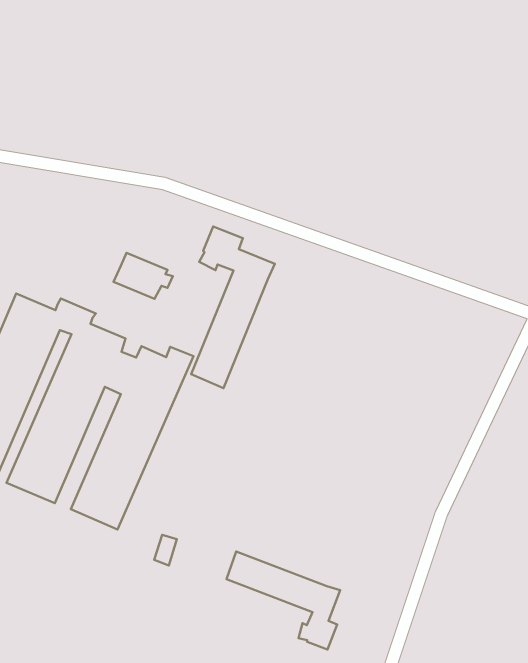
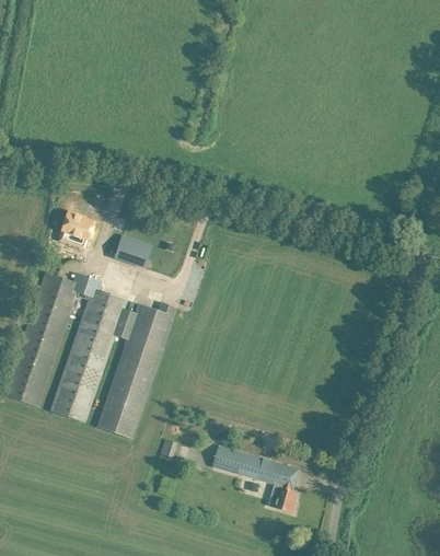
building: none -> [59,211,93,239]
building: [191,226,275,388] -> none

